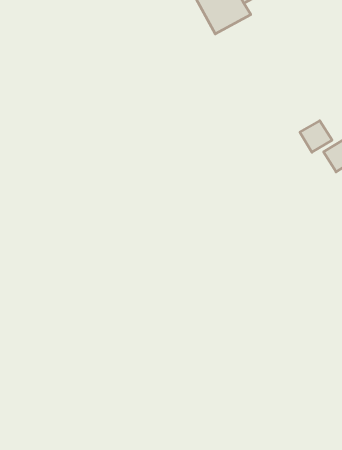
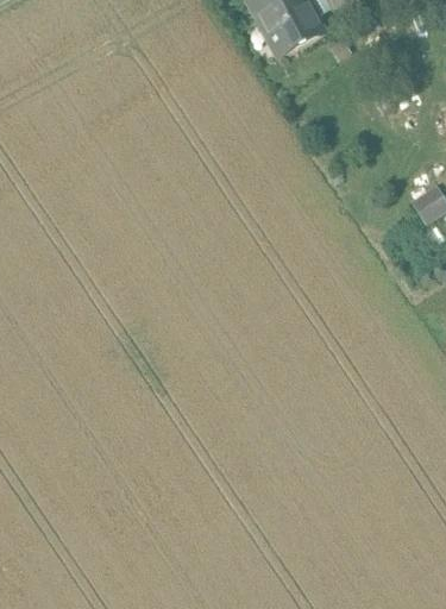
building: [300,121,332,152] -> none

